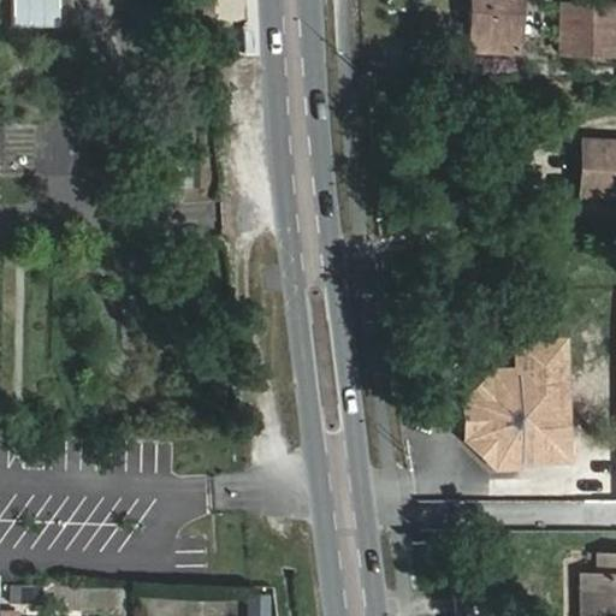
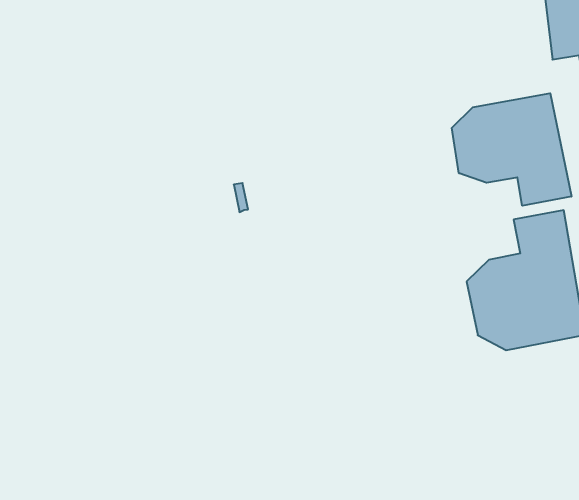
building: none -> [452,93,571,206]

